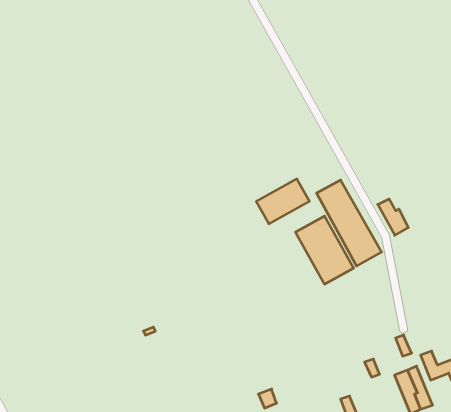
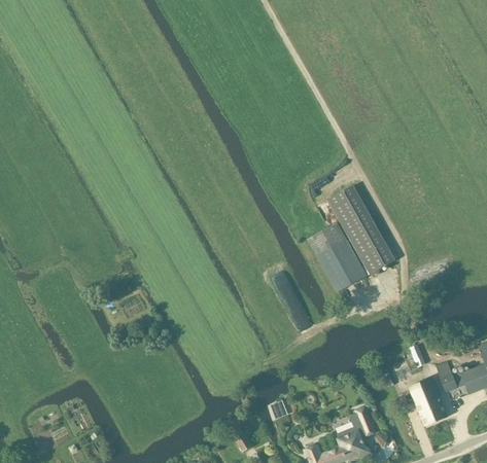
building: [256,179,309,224] -> none
building: [378,199,408,235] -> none

